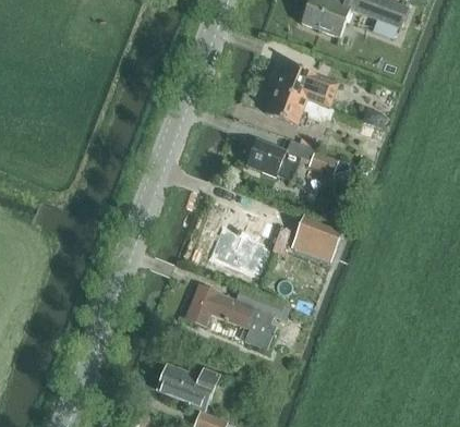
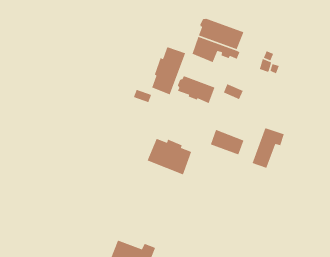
building: none -> [151,46,186,95]
building: none -> [252,127,285,169]
building: [185,283,285,349] -> none

